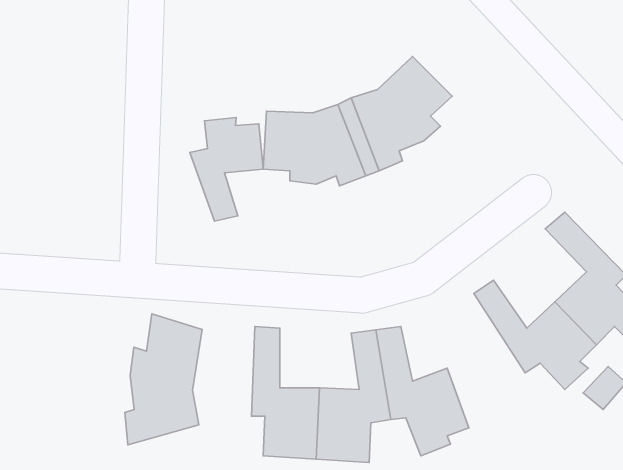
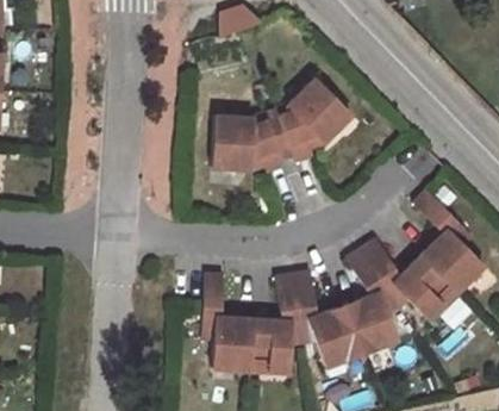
building: [190,118,263,221] -> none
building: none -> [344,249,400,345]
building: [125,314,202,445] -> none

